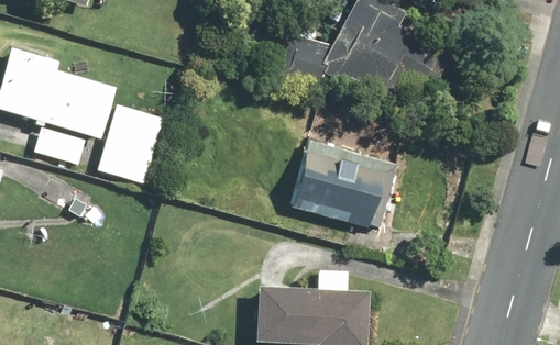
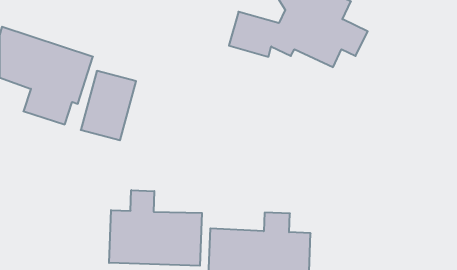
building: [287,142,400,227] -> none
building: none -> [109,190,202,266]

